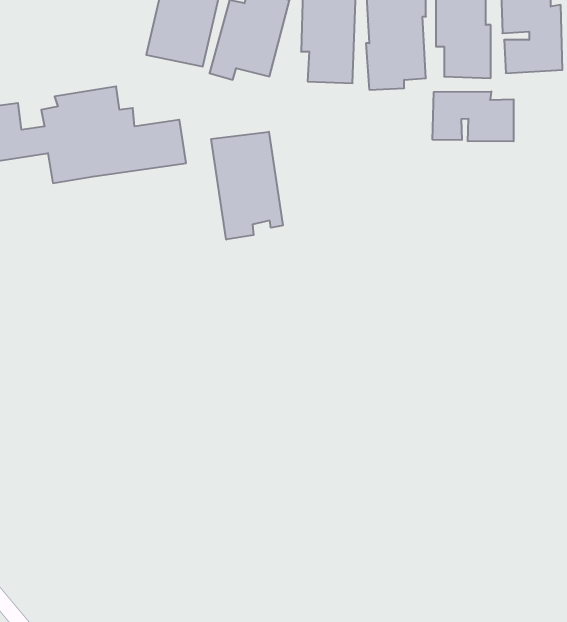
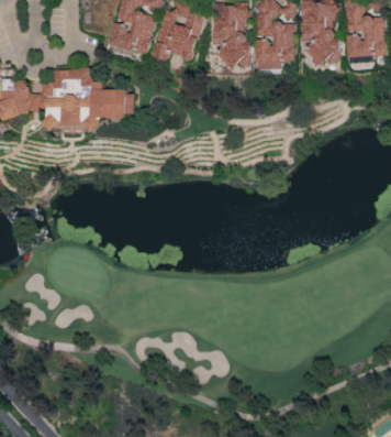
building: [433,91,514,141] -> none
building: [211,132,283,240] -> none

